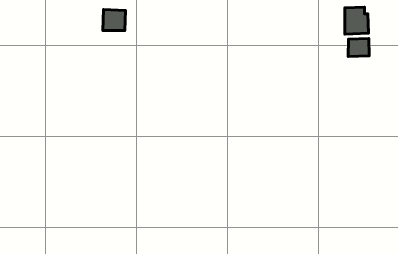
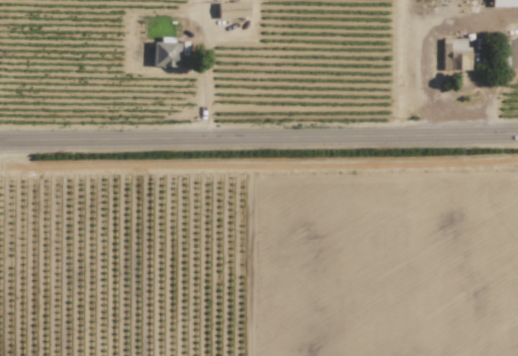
building: [348,38,369,57] -> none

